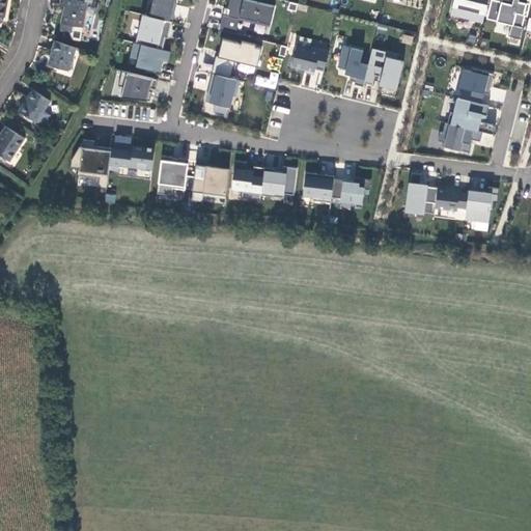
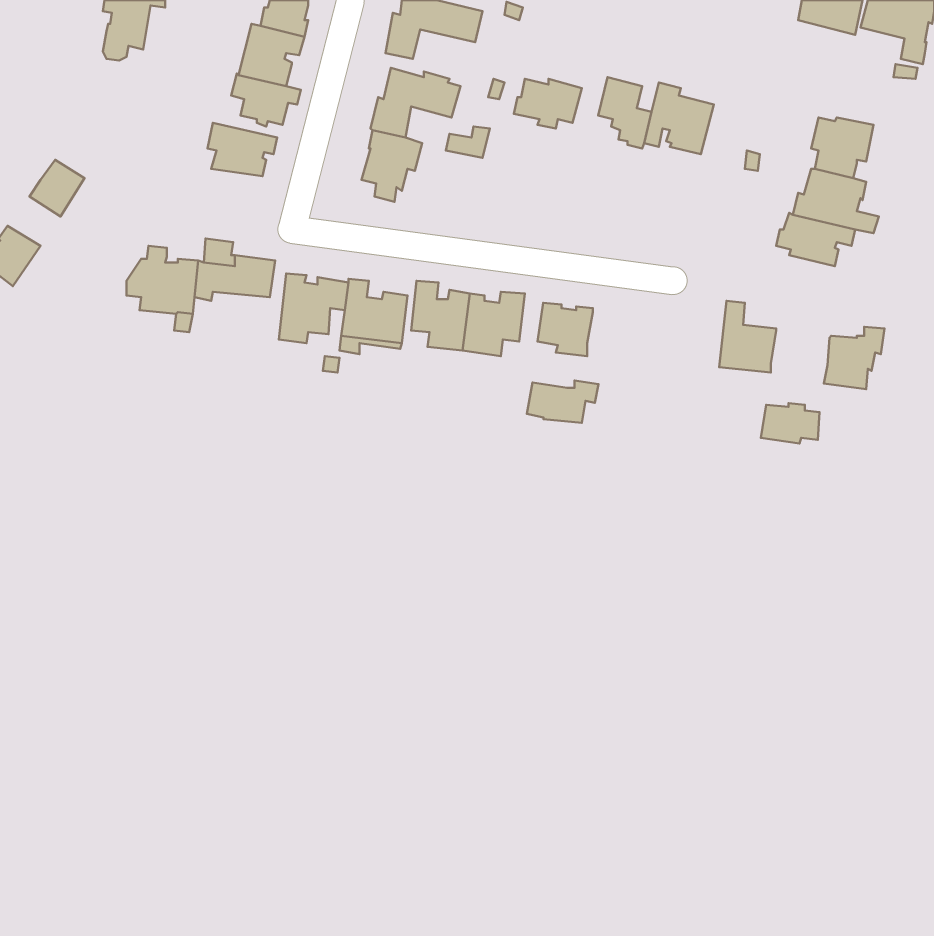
building: [47,43,79,75] -> none
building: [332,176,372,200] -> [527,381,598,423]
building: [436,187,469,209] -> [761,403,820,443]

